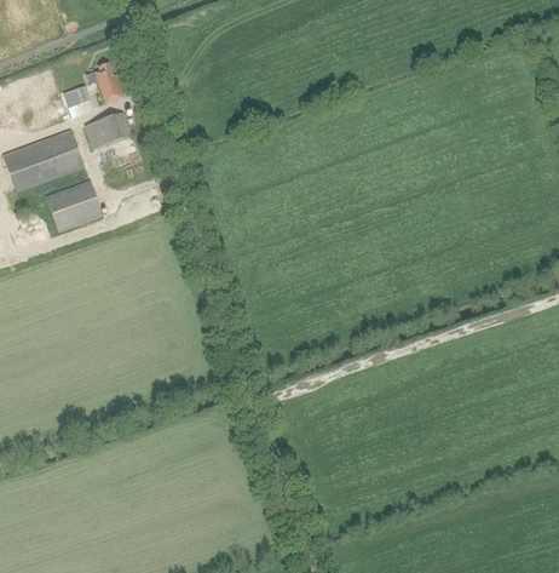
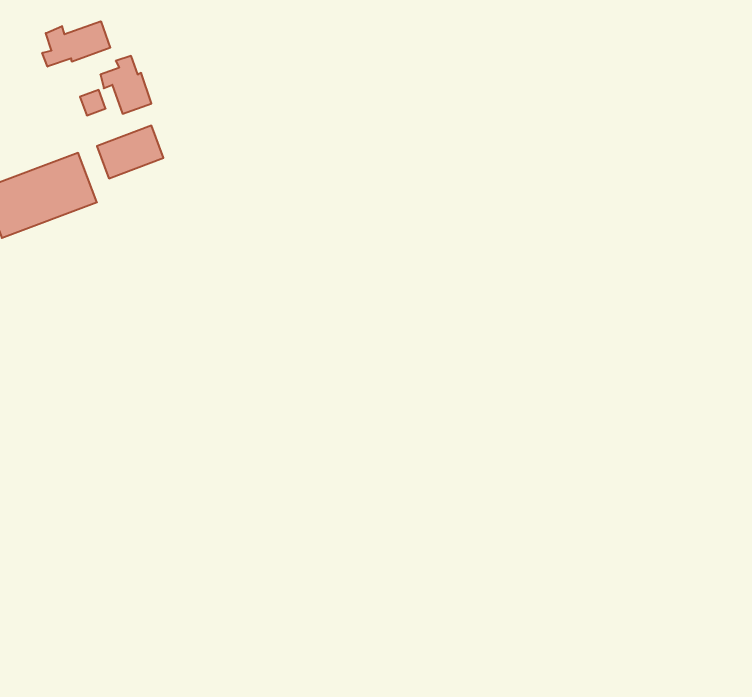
building: none -> [42,21,110,67]
building: [46,181,102,231] -> none

